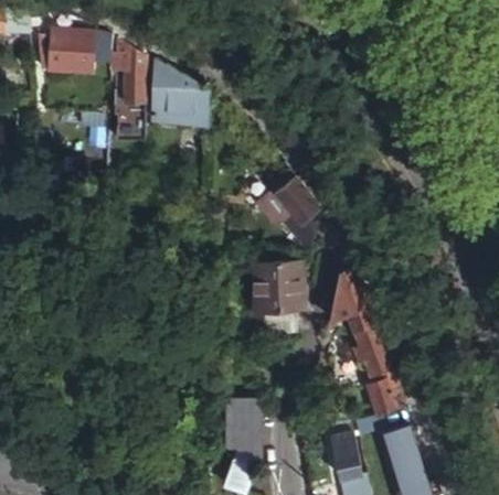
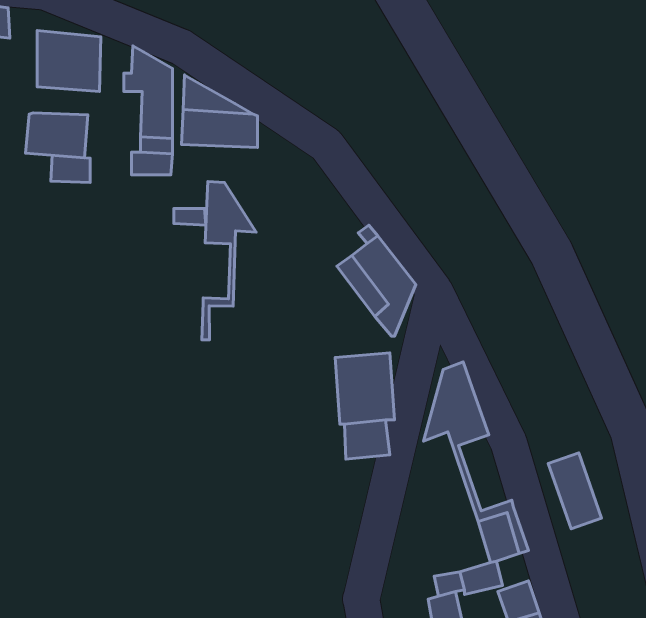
building: none -> [25,113,88,158]
building: none -> [202,181,256,340]
building: [353,321,392,376] -> [548,453,602,529]
building: [227,395,264,448] -> none

